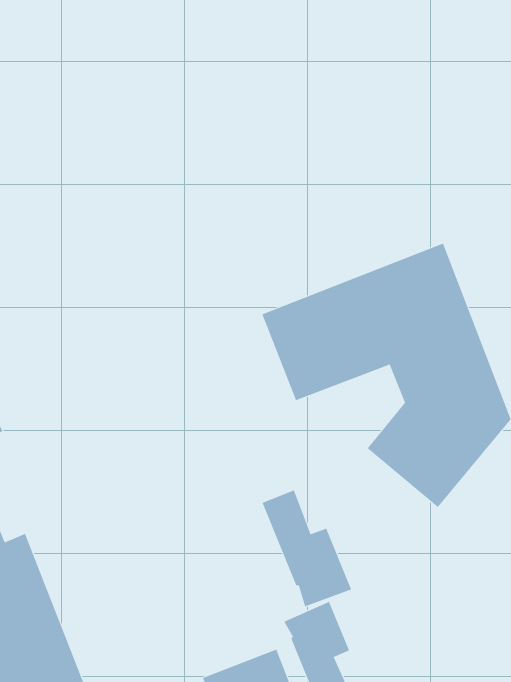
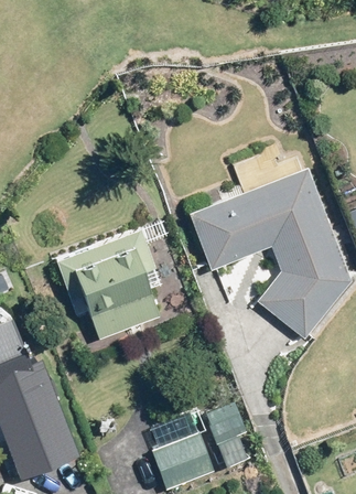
building: none -> [56,228,159,339]
building: [262,490,352,607] -> none

